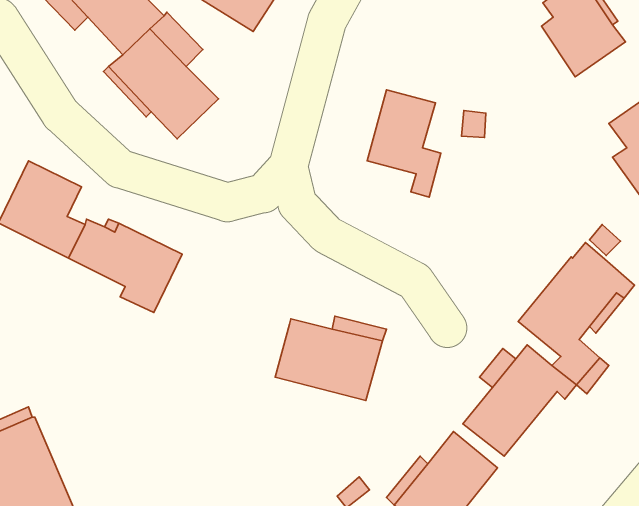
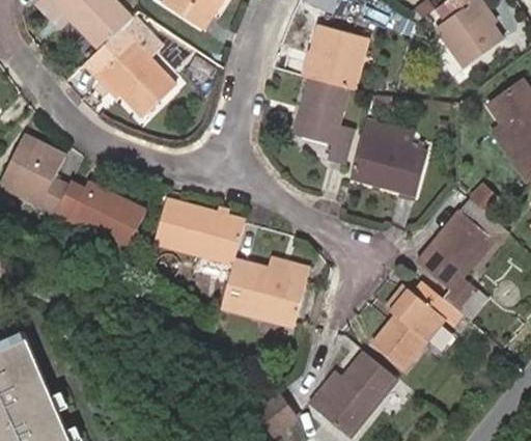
building: none -> [303,23,369,88]
building: none -> [350,118,427,195]
building: none -> [152,199,245,265]

